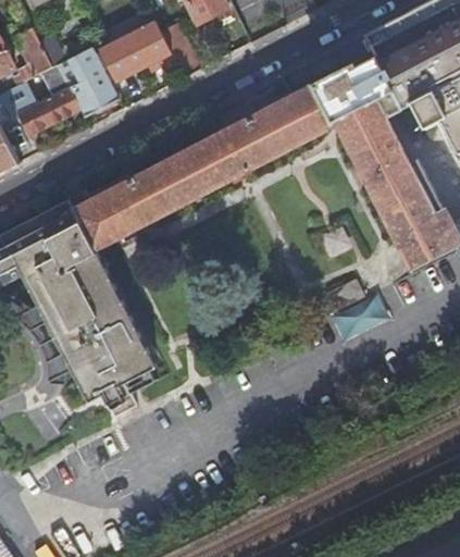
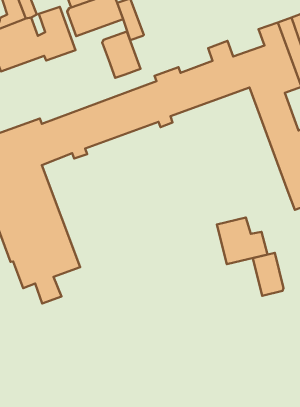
building: none -> [102,31,140,78]
building: none -> [253,253,284,296]

